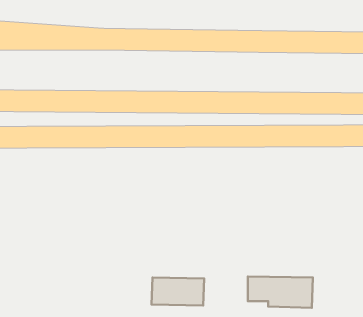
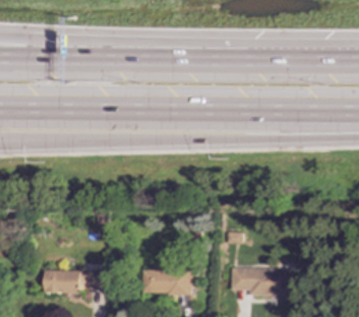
building: none -> [43,268,102,294]

